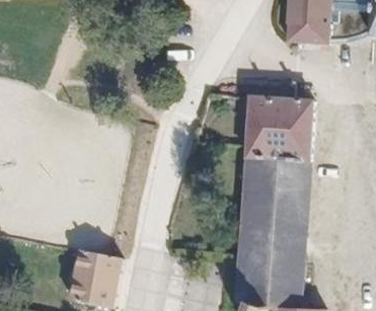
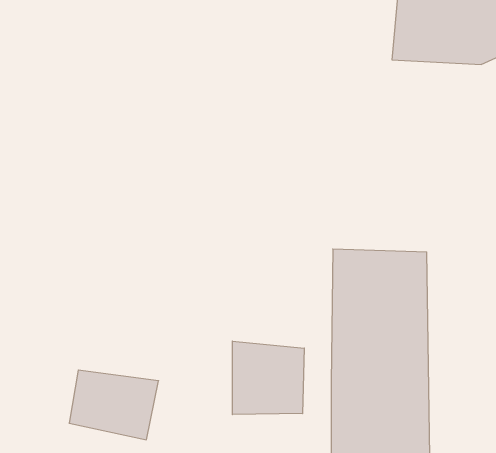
building: [242,98,305,170] -> none
building: none -> [232,341,304,415]

